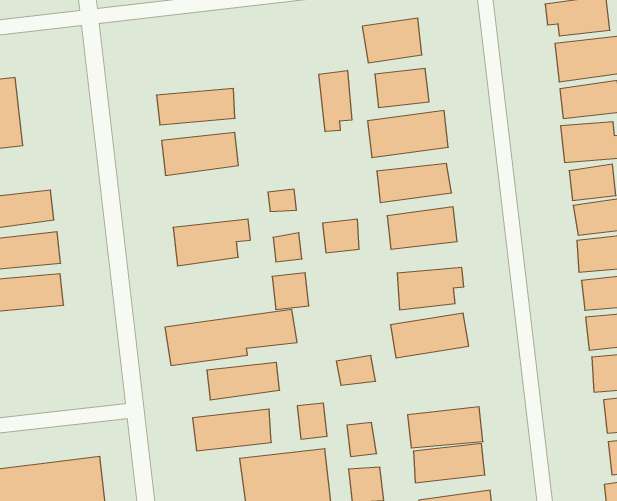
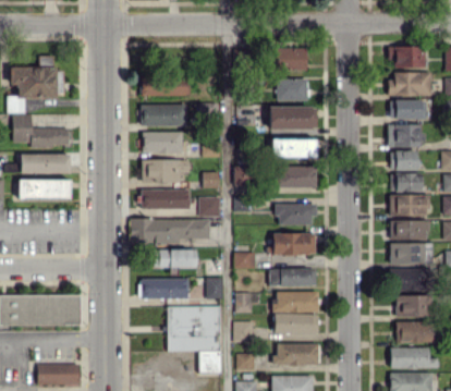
building: [319,70,352,132] -> none
building: none -> [143,132,184,152]
building: none -> [141,188,190,209]
building: none -> [269,268,316,286]

